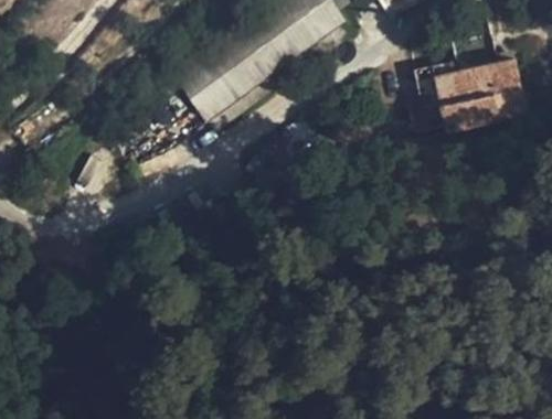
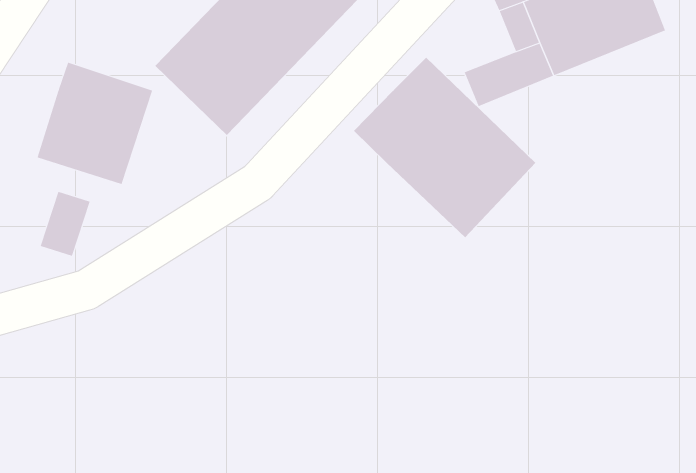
building: none -> [37,62,153,185]
building: none -> [353,57,536,238]

